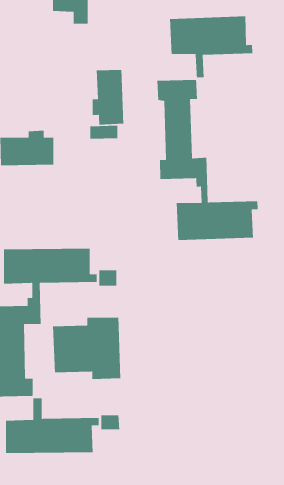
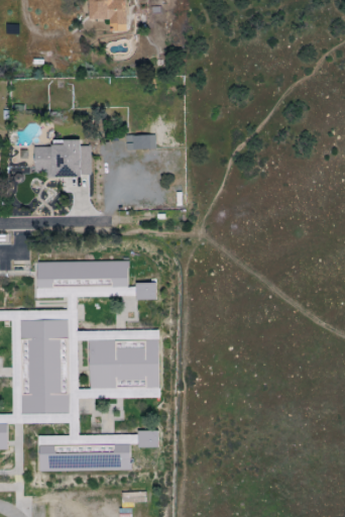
building: [157,16,259,241] -> none
building: [92,69,124,126] -> none

